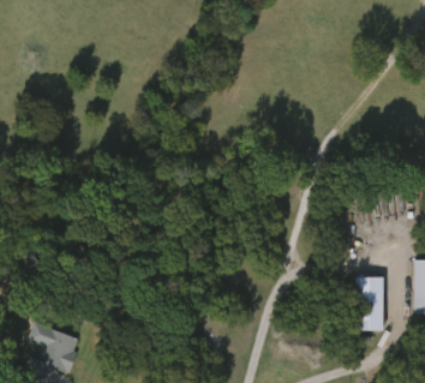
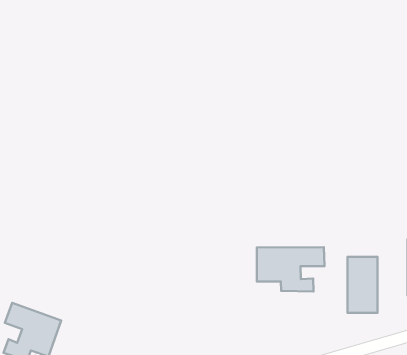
building: none -> [257,247,325,292]

